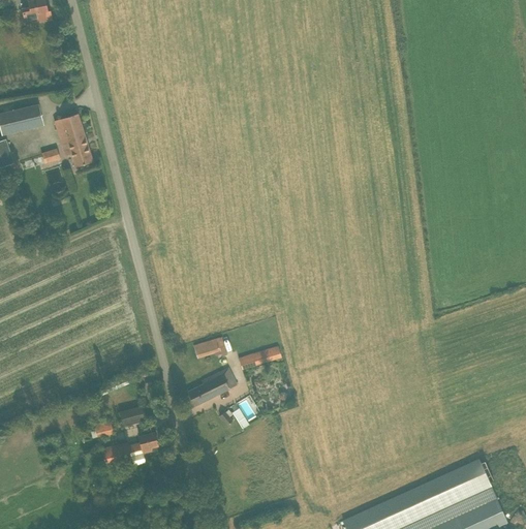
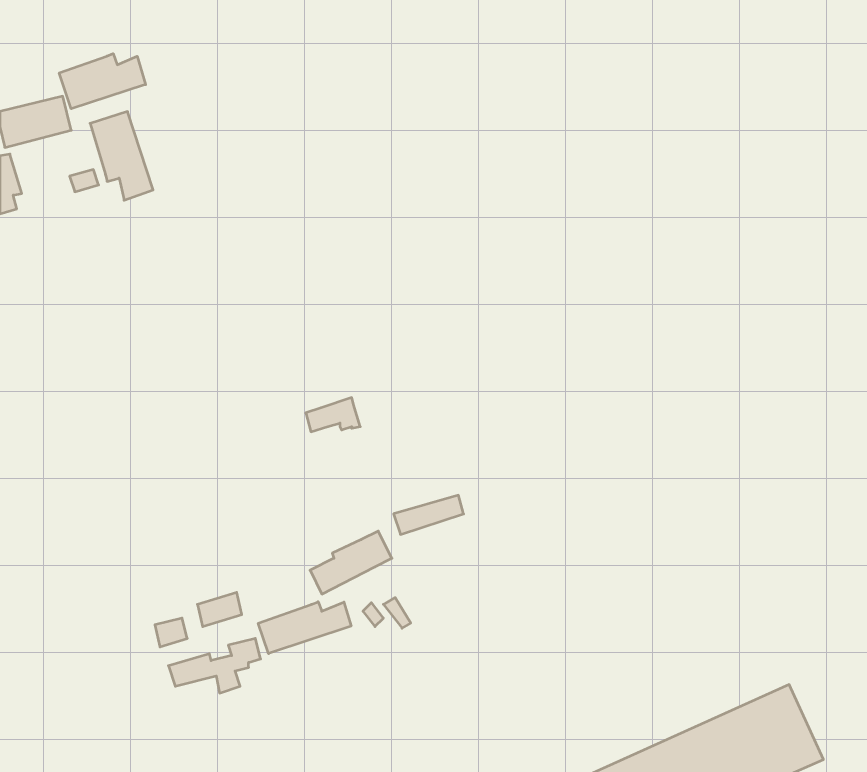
building: none -> [59,54,146,109]
building: [194,337,227,357] -> [306,398,360,432]
building: none -> [258,602,351,654]

